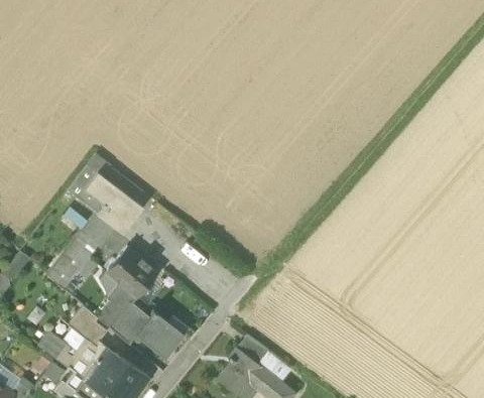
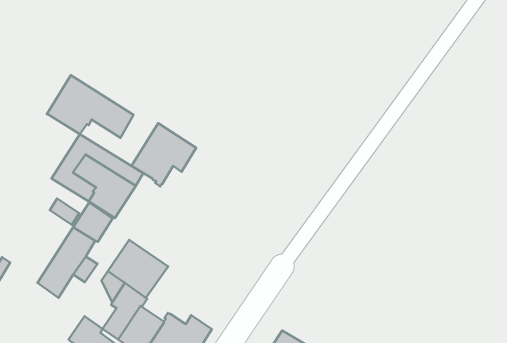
building: none -> [47,75,133,138]
building: none -> [131,123,196,186]

